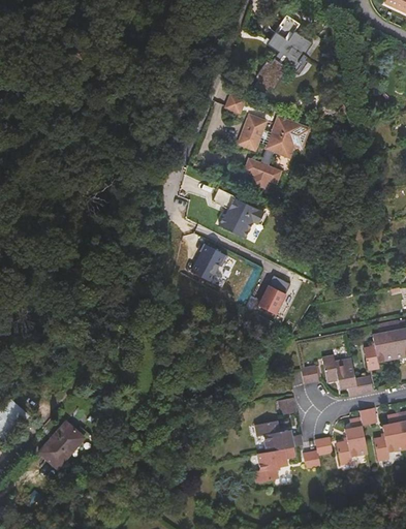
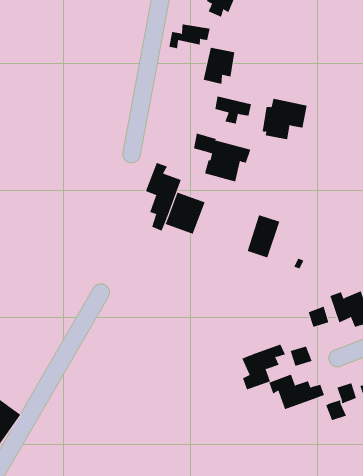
building: [267,120,311,159] -> [262,98,308,140]
building: none -> [145,162,182,231]
building: [39,422,92,467] -> none
building: [254,446,296,483] -> [241,344,286,390]

